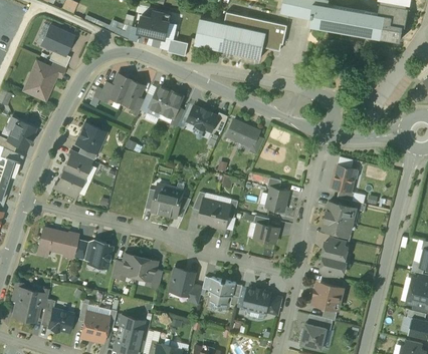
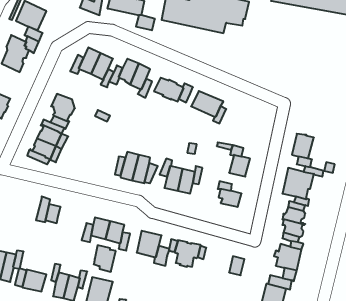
building: [36,228,67,253] -> none
building: [87,241,111,269] -> [94,245,116,272]
building: [242,288,269,314] -> none

